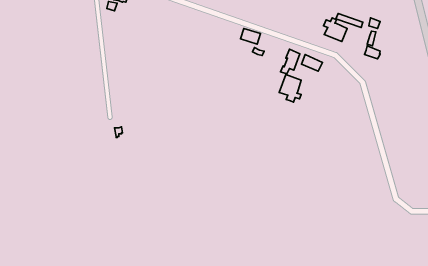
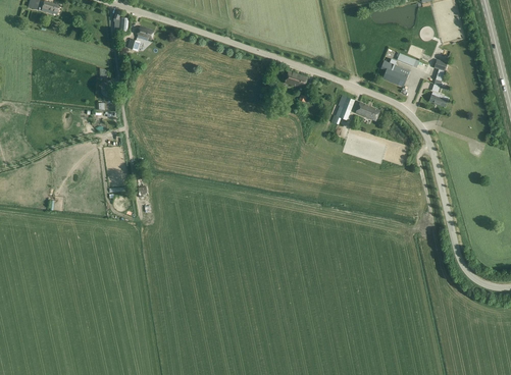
building: [279,74,301,102] -> none

